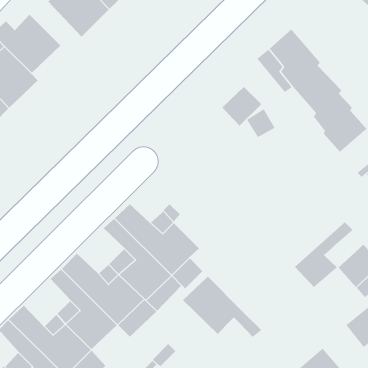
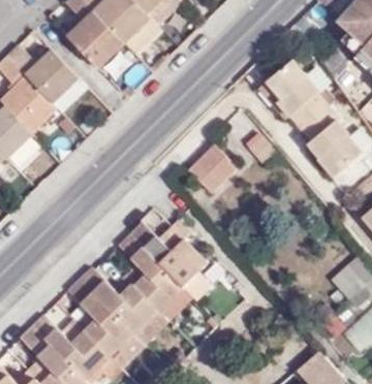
building: none -> [187,141,238,192]
building: [294,222,354,288] -> none
building: [182,276,262,338] -> none

